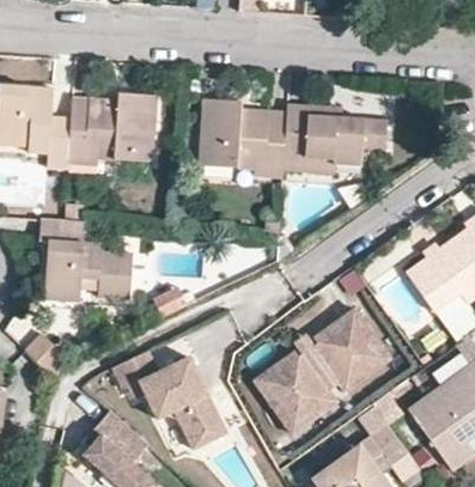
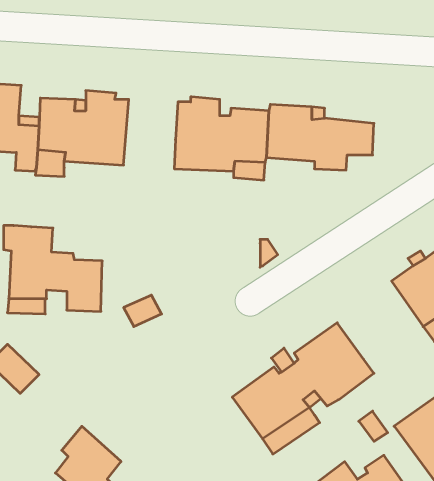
building: [115,348,229,453] -> none

